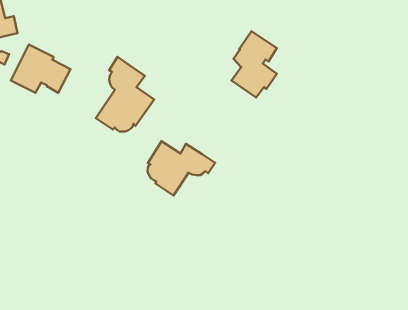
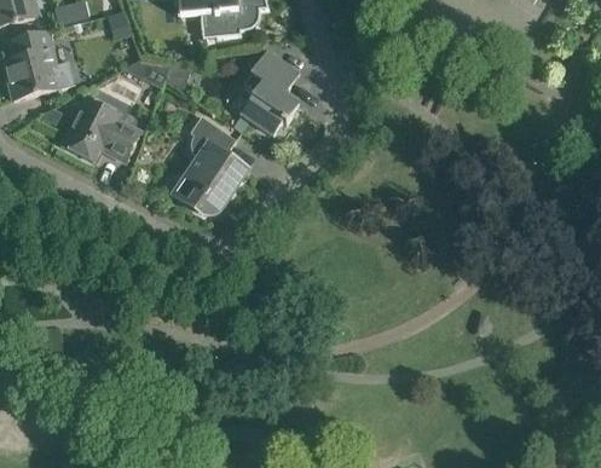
building: [232,31,277,97] -> [241,50,299,134]
building: [148,141,215,195] -> none

